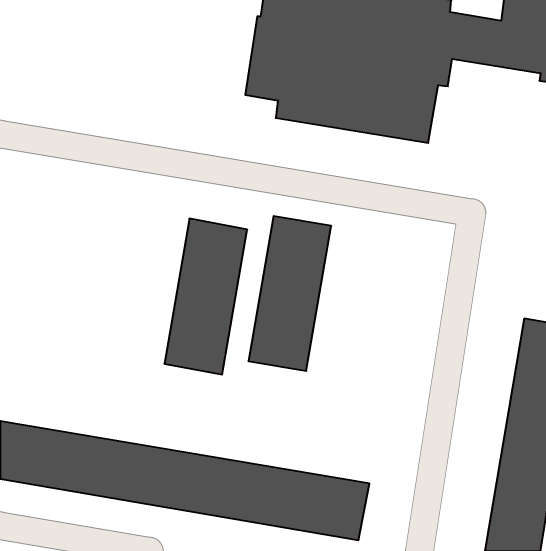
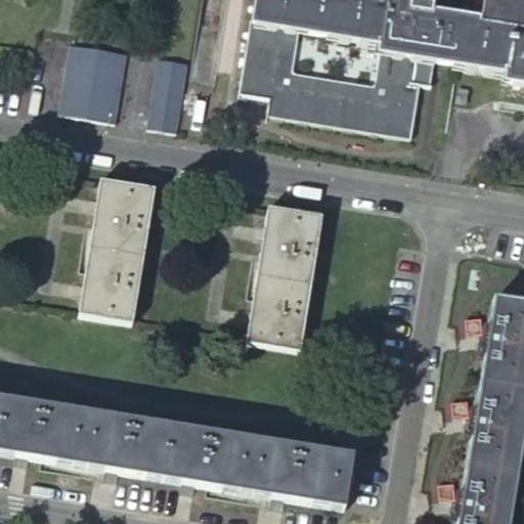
building: none -> [59,36,128,119]
building: none -> [147,51,188,129]
building: [164,219,247,375] -> [77,174,155,320]

